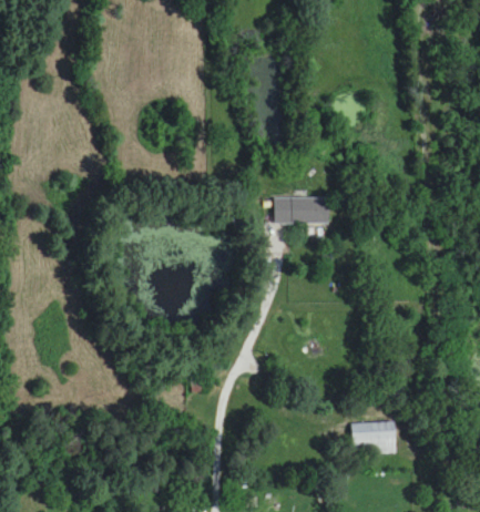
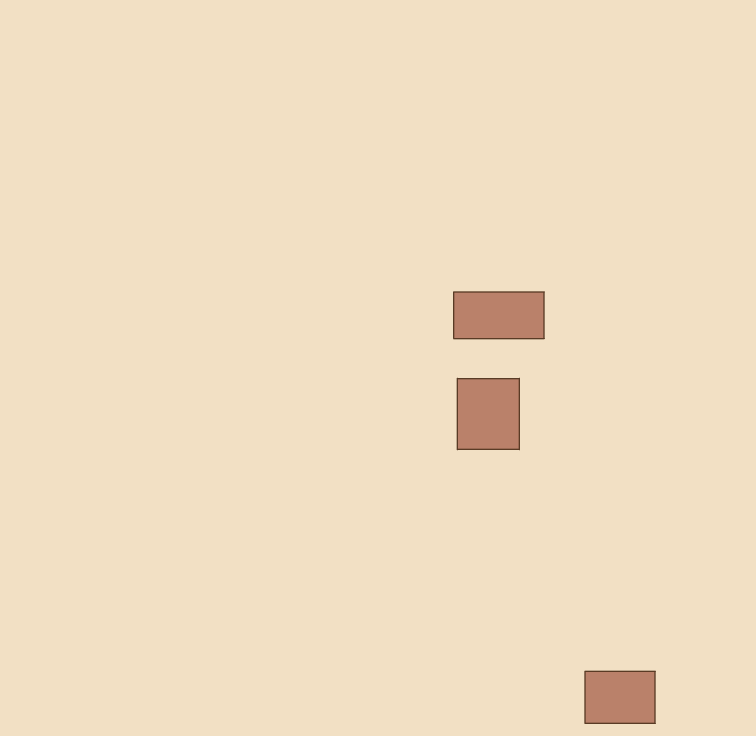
building: none -> [457,378,519,450]

